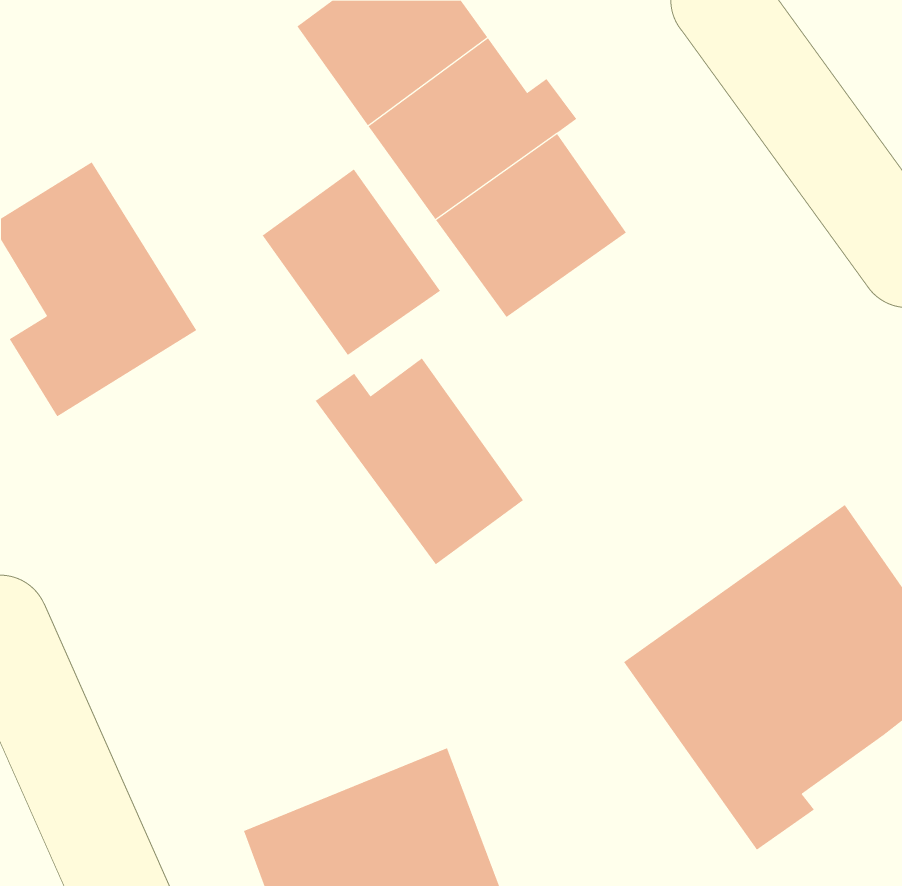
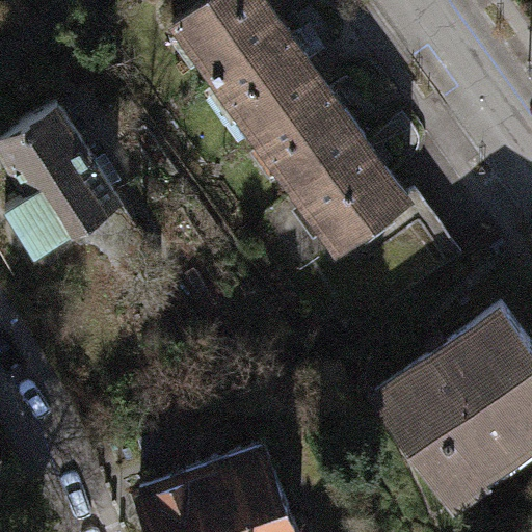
building: [262,168,441,356] -> none
building: none -> [299,149,410,255]
building: [315,358,524,565] -> none

